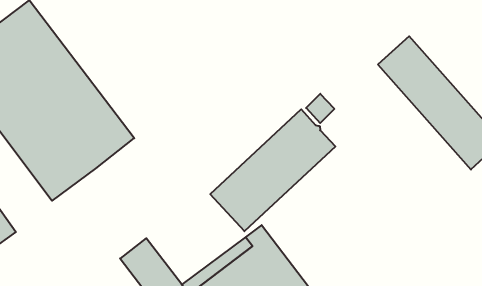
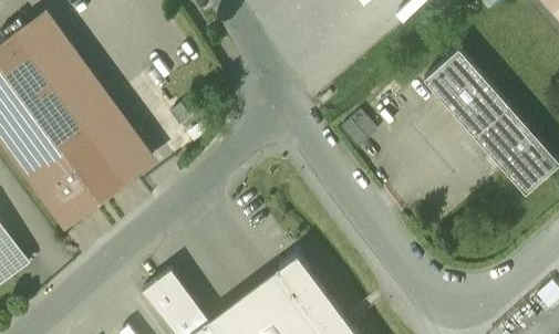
building: [210,109,335,231] -> none

